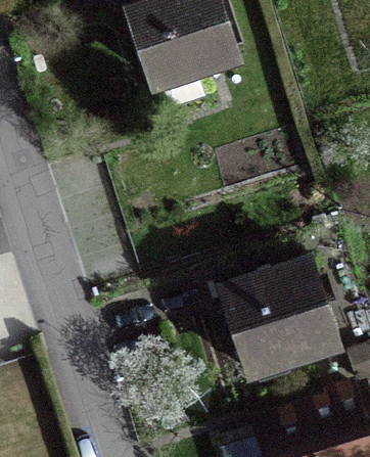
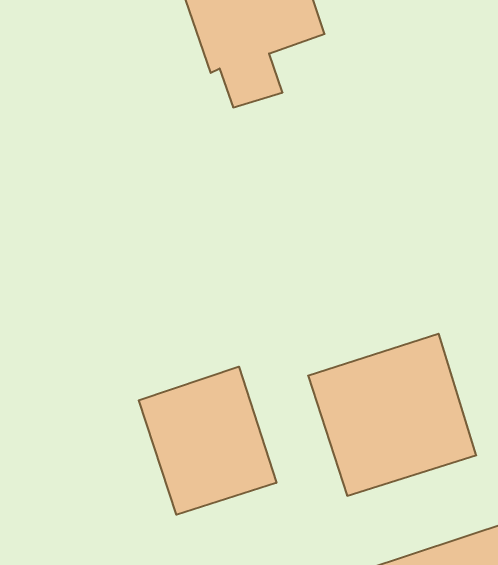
building: none -> [139,367,276,515]

